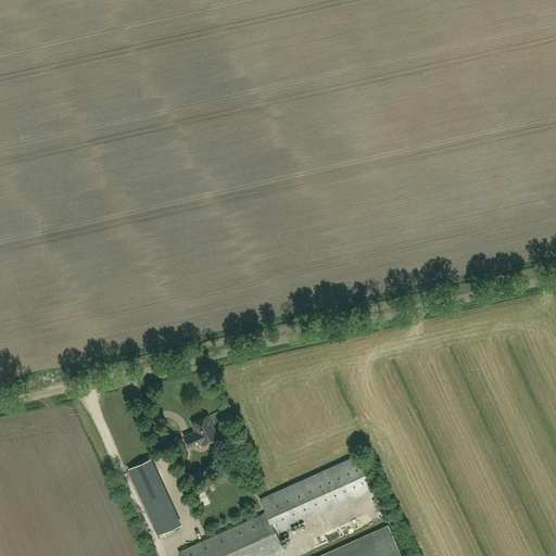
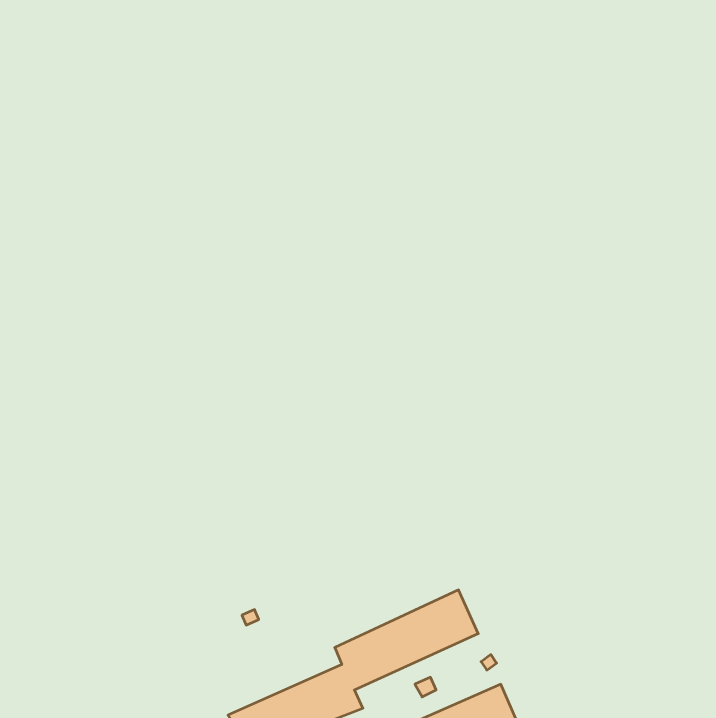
building: [182,417,214,448] -> none
building: [130,458,178,535] -> none

